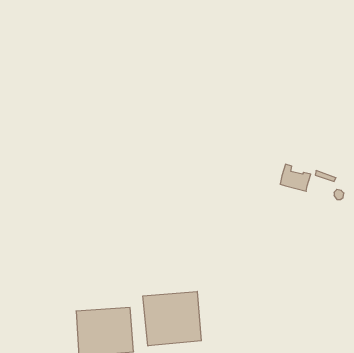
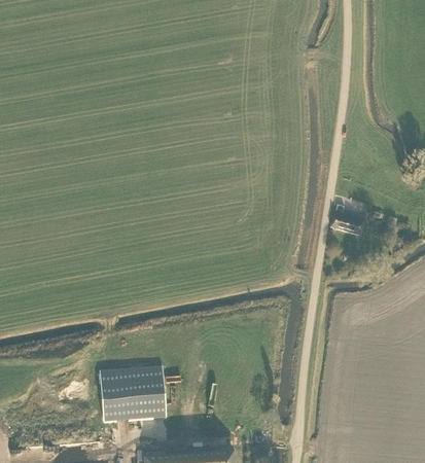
building: [143,291,201,346] -> none

